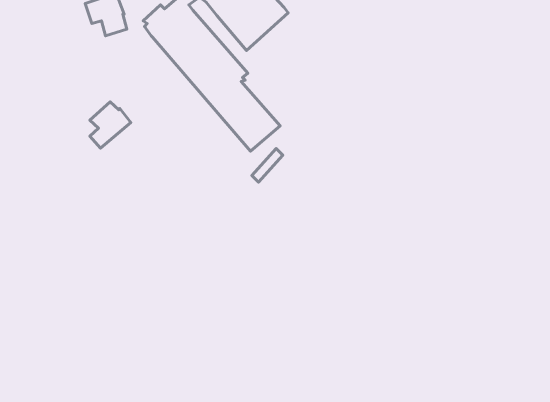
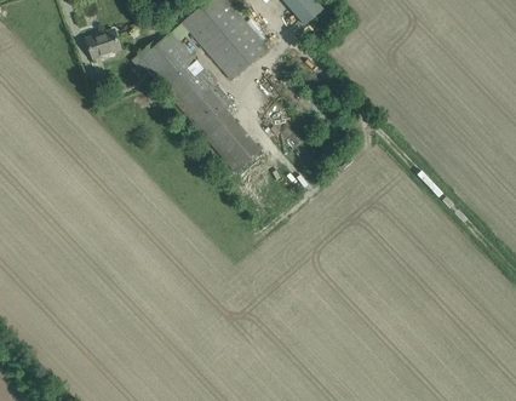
building: [90,102,131,148] -> none

